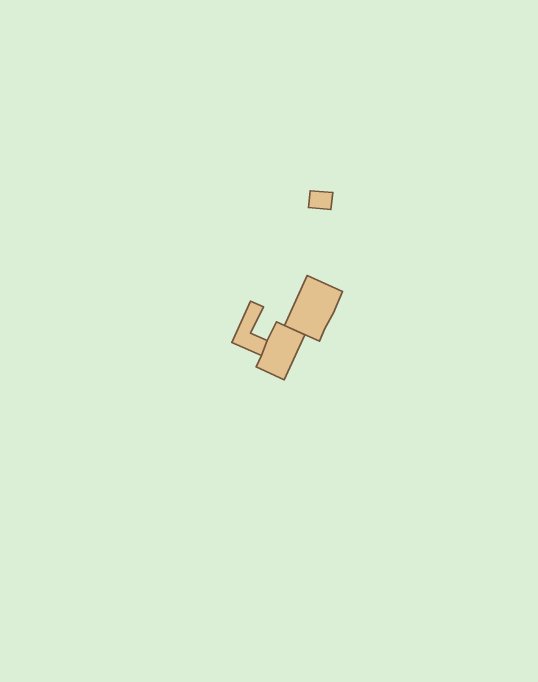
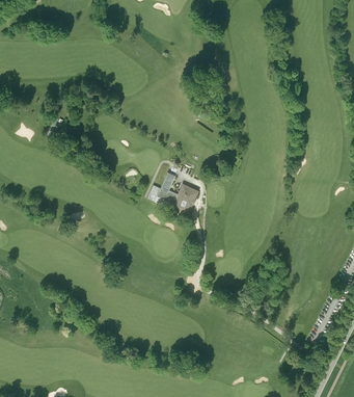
building: [284,276,342,341] -> none

